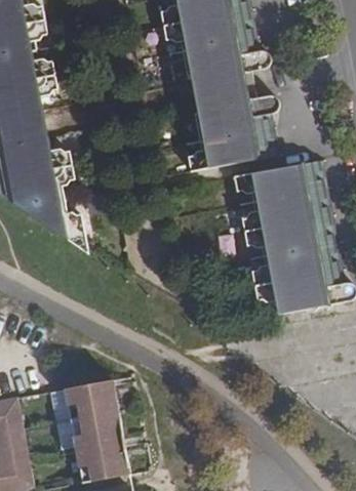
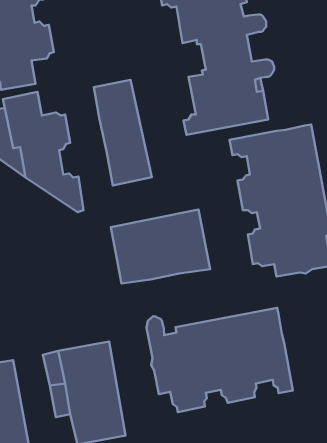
building: none -> [94,80,152,186]
building: none -> [111,210,210,283]
building: none -> [147,308,293,412]

